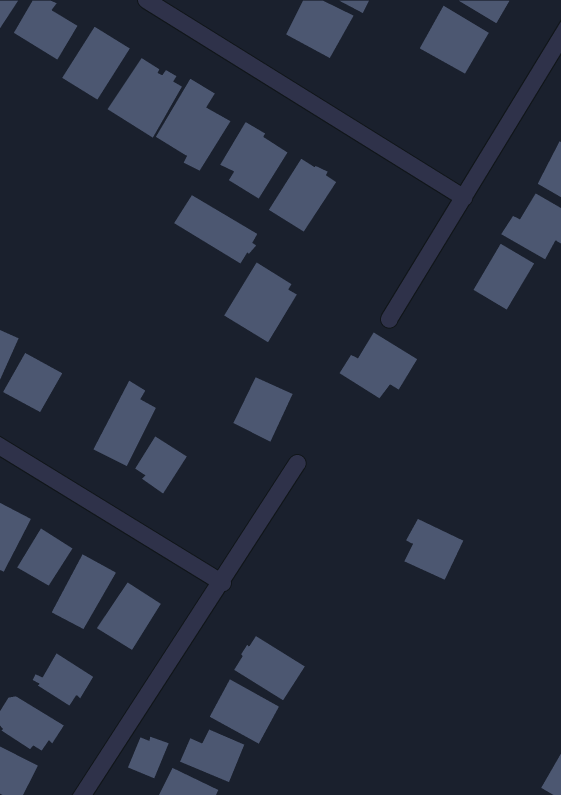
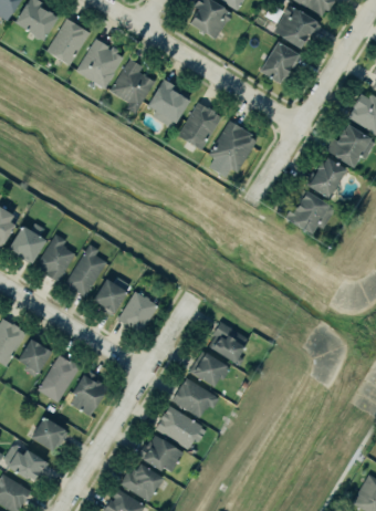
building: none -> [259,41,301,84]
building: [173,194,258,265] -> none
building: [223,262,298,343] -> [208,119,255,171]
building: [338,331,418,399] -> [283,191,334,234]
building: none -> [33,233,75,282]
building: [233,376,293,442] -> [119,292,158,334]
building: [404,518,464,581] -> [211,323,250,363]
building: none -> [188,351,230,387]
building: none -> [170,377,219,418]
building: [127,736,170,779] -> none

